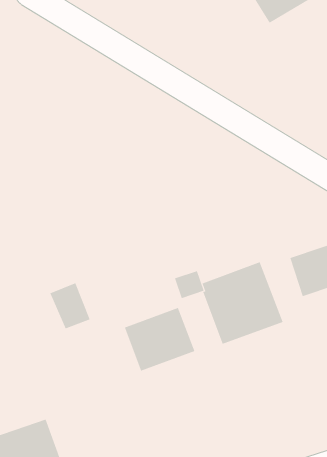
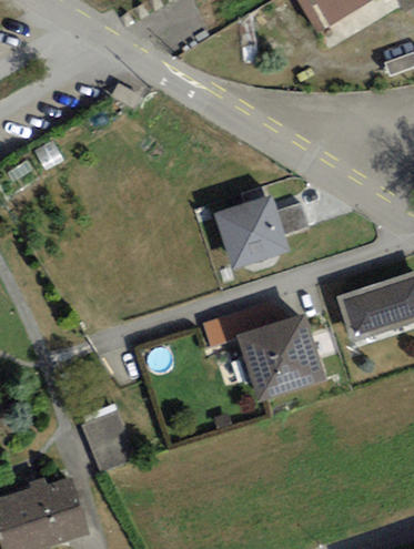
building: none -> [214,200,284,267]
building: [49,282,90,329] -> [85,415,132,468]
building: [124,307,195,372] -> none

